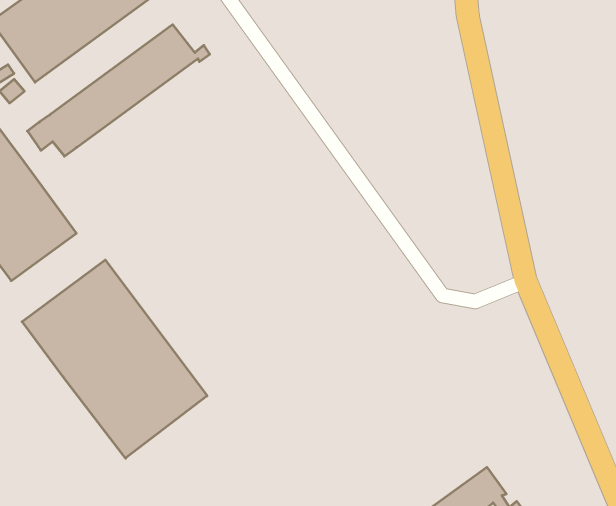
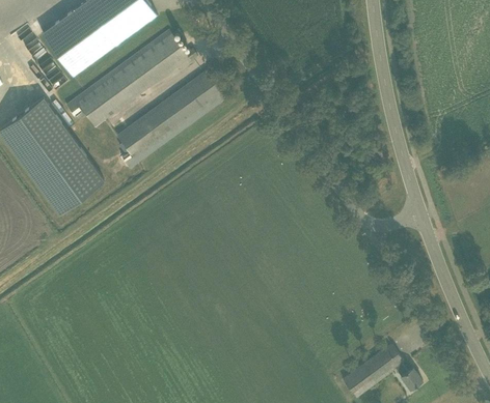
building: none -> [116,70,224,160]
building: [22,260,207,458] -> none

